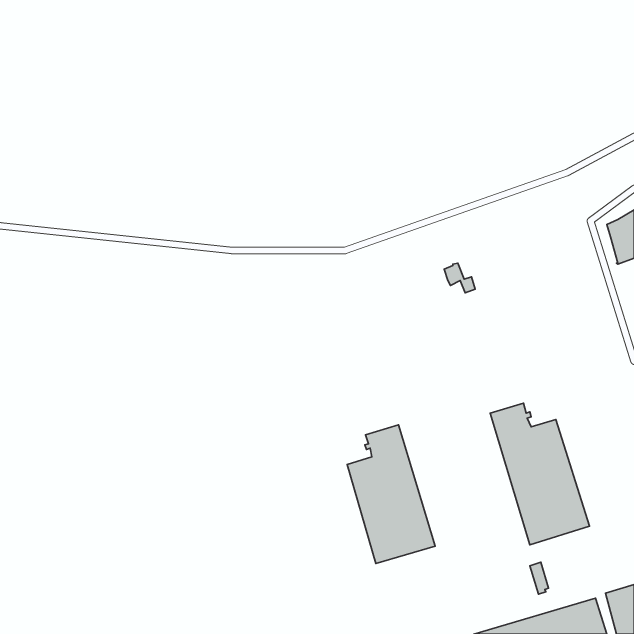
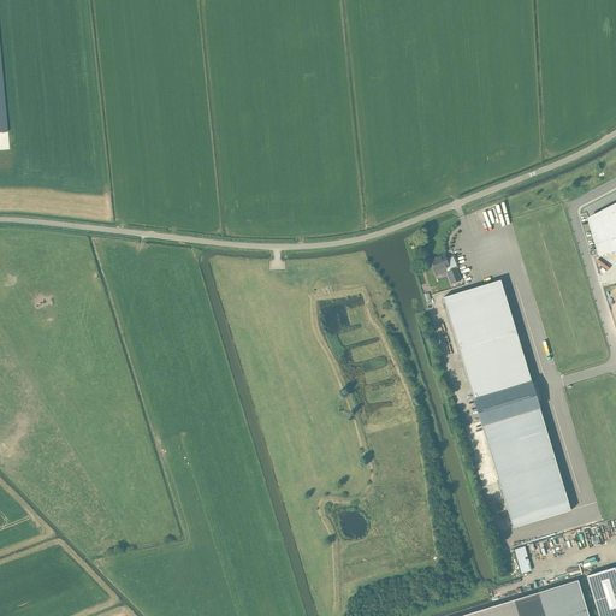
building: none -> [443,280,532,401]
building: [347,425,435,564] -> none

